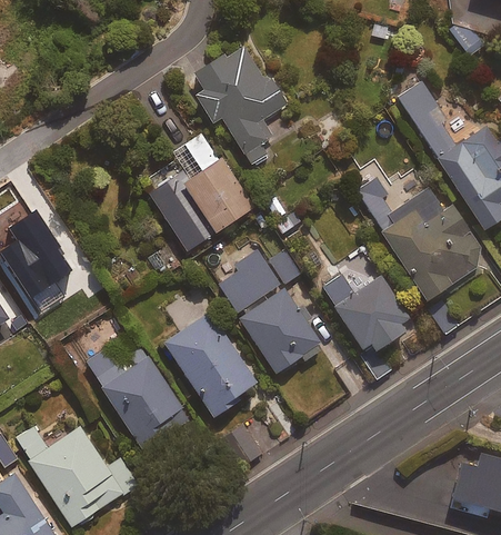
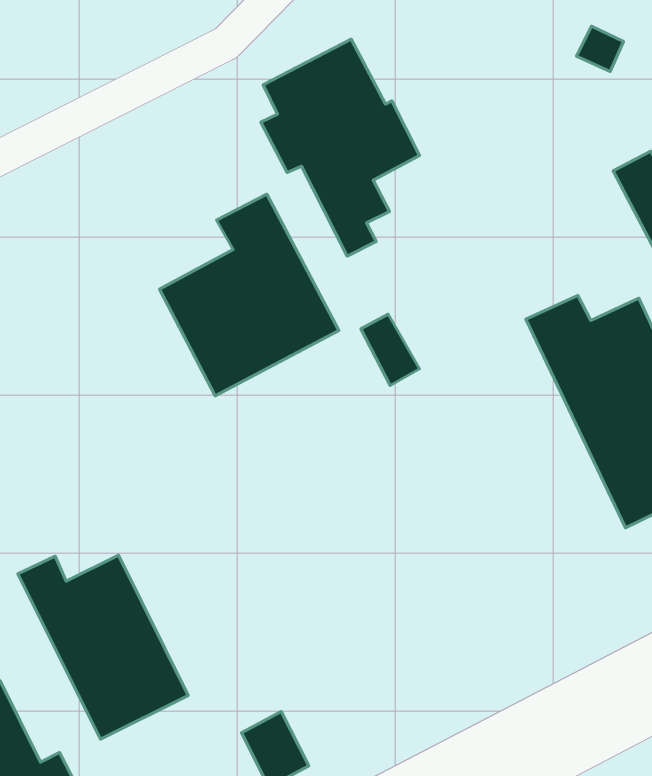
building: [214,247,323,374] -> none
building: [322,257,409,350] -> none
building: [164,313,255,417] -> none

